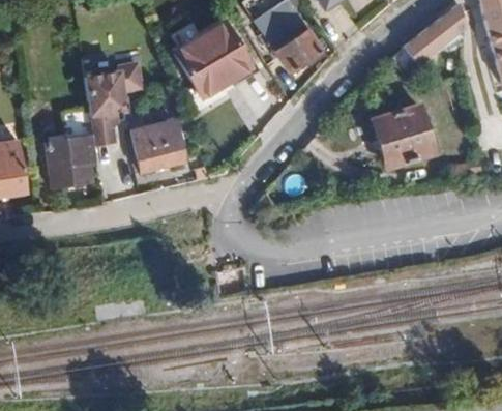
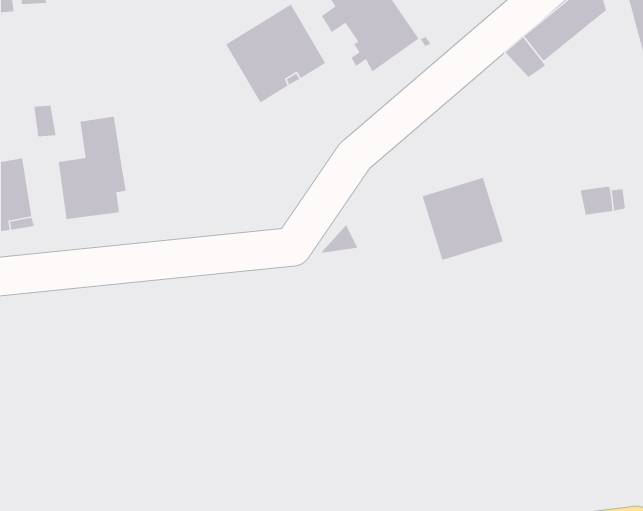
building: [86,64,143,146] -> none
building: [372,104,435,168] -> [422,177,504,261]
building: [131,120,186,171] -> none

